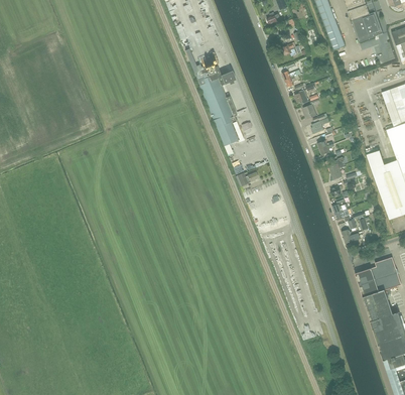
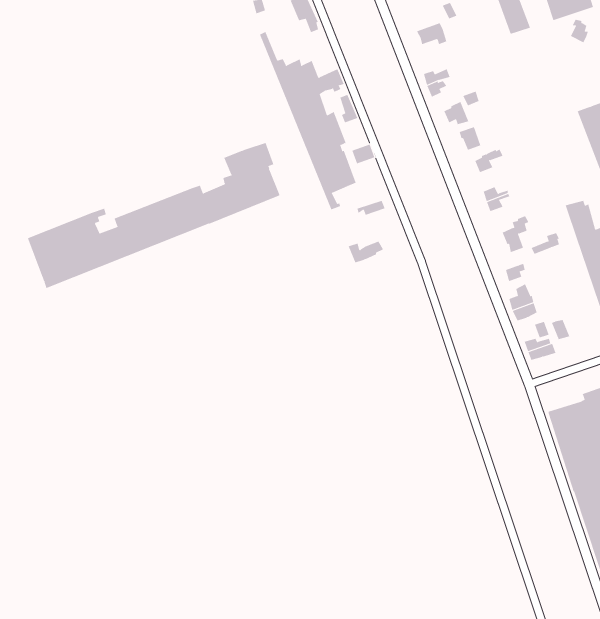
building: none -> [27,142,280,289]

